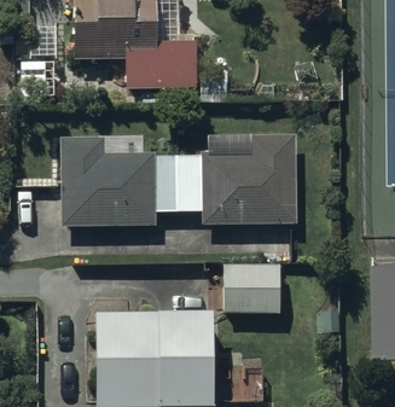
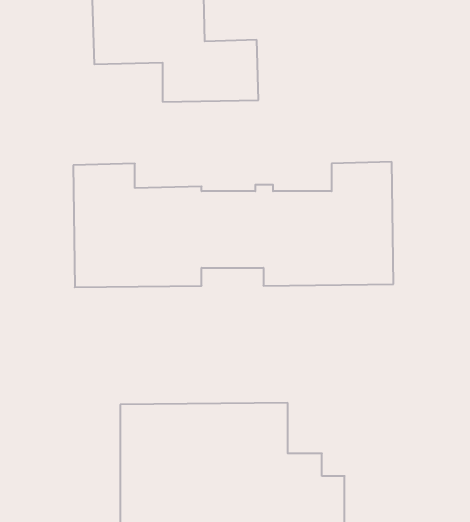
building: [222,249,290,310] -> none

